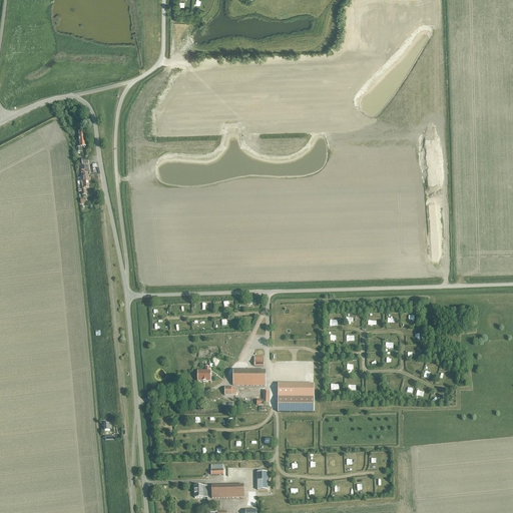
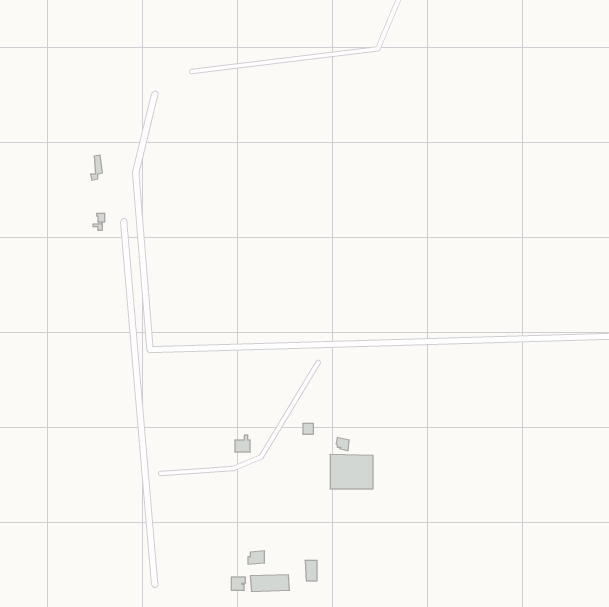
building: [233,369,266,384] -> none

